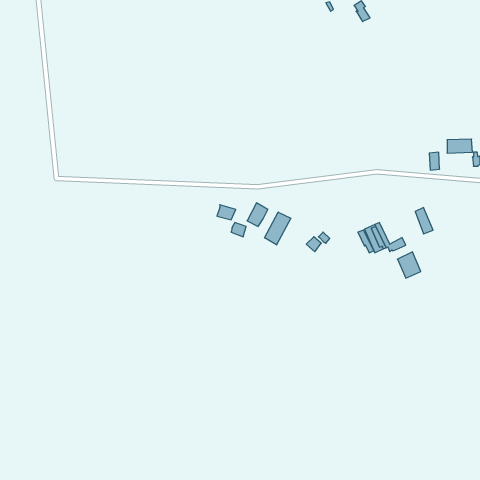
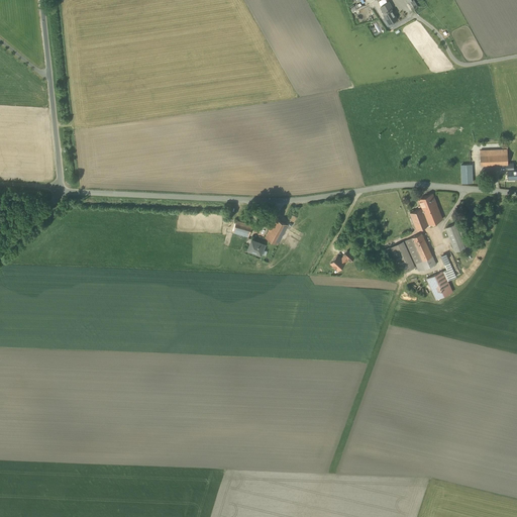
building: none -> [410,193,442,229]
building: [265,212,291,245] -> none
building: none -> [408,232,432,263]

